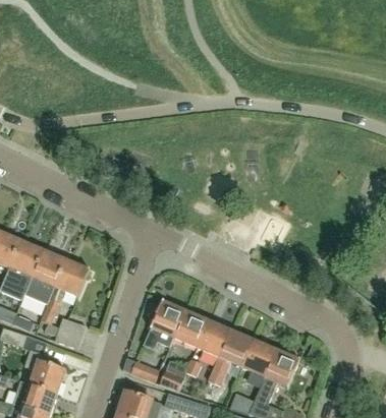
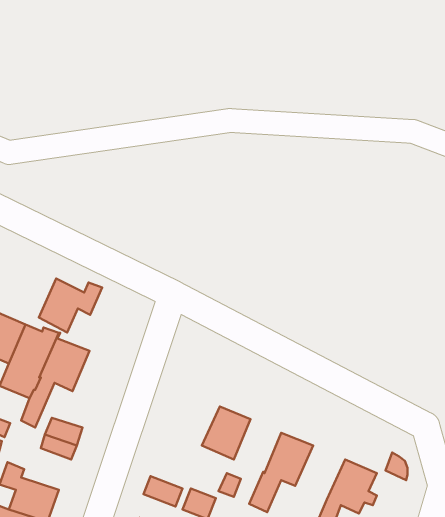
building: none -> [39,279,102,332]
building: [142,301,185,351] -> none
building: [196,319,230,359] -> none
building: [240,339,277,378] -> none

